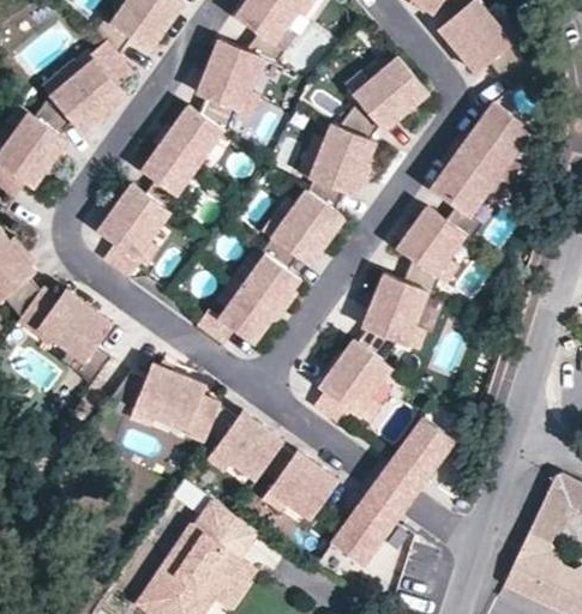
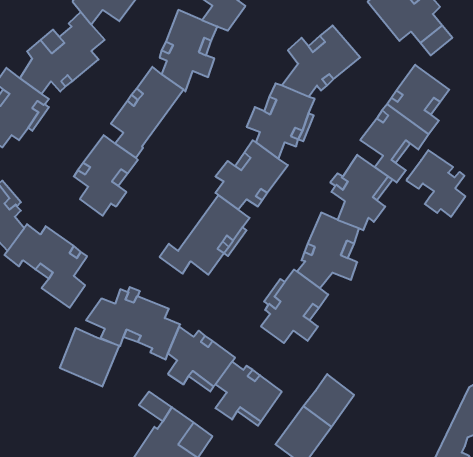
building: none -> [407,150,465,217]
building: none -> [60,328,119,387]
building: [391,416,455,483] -> none

